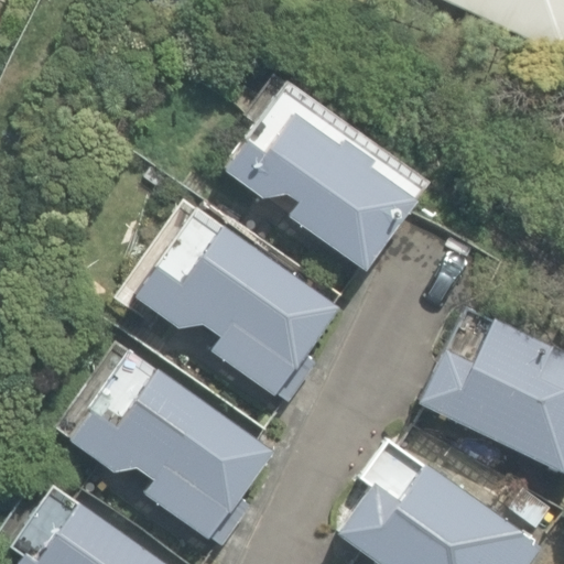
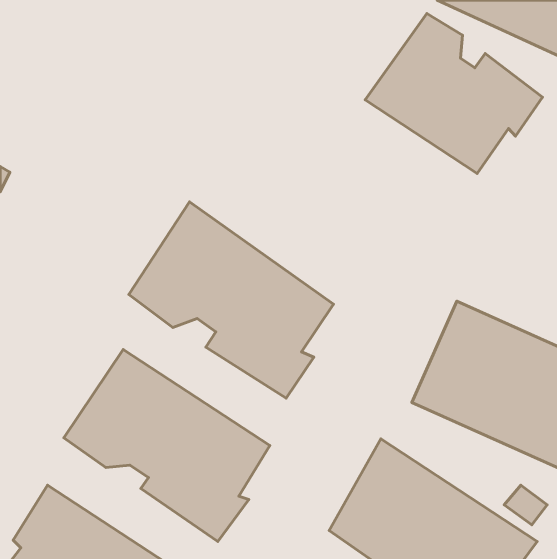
building: none -> [365,13,542,173]
building: [225,80,427,269] -> none

